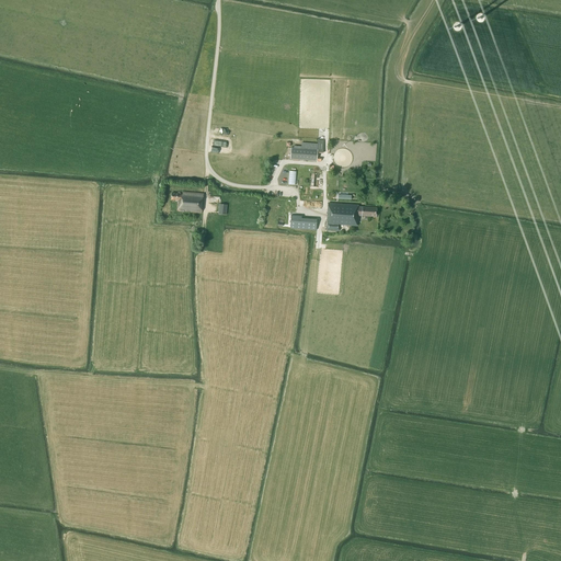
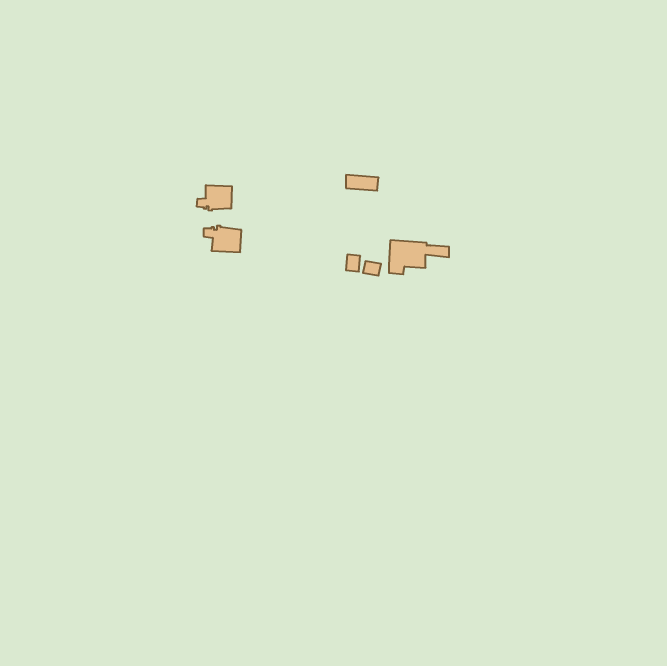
building: none -> [197,185,232,211]

